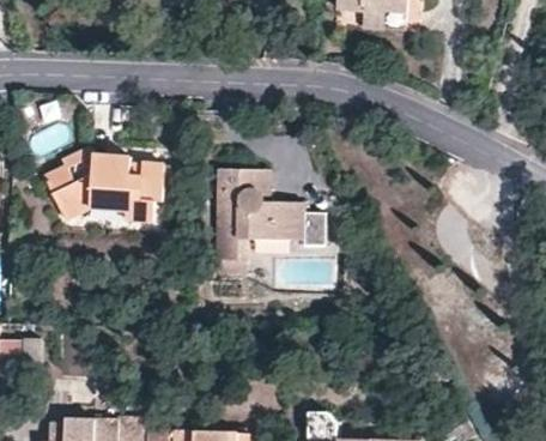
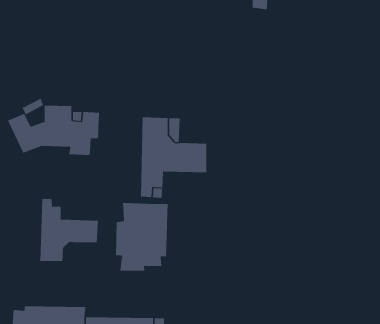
building: none -> [40,198,98,262]
building: none -> [116,202,168,272]

